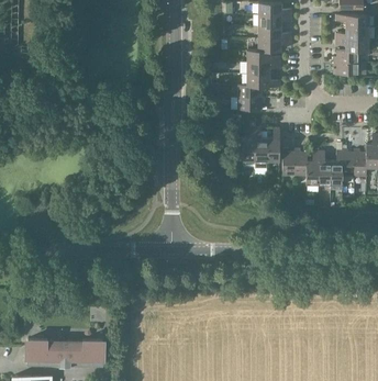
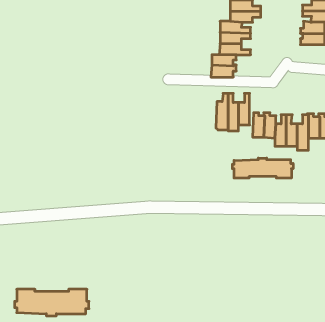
building: none -> [232,158,293,178]

